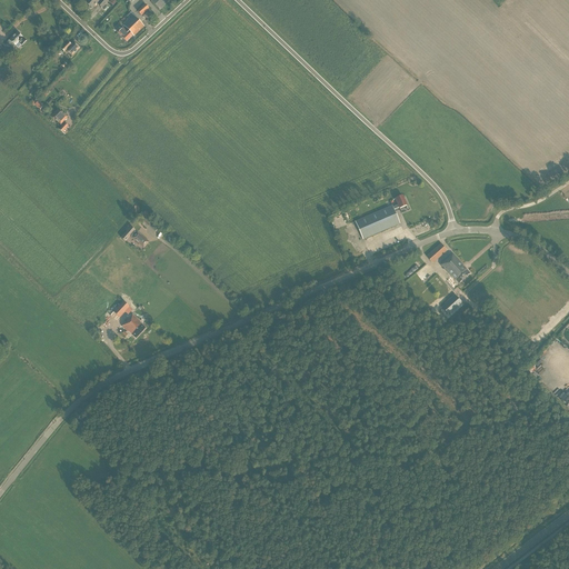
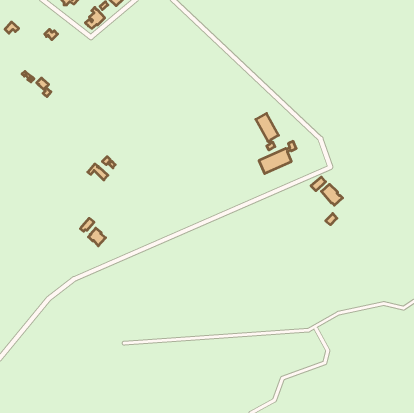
building: none -> [256,113,279,150]

